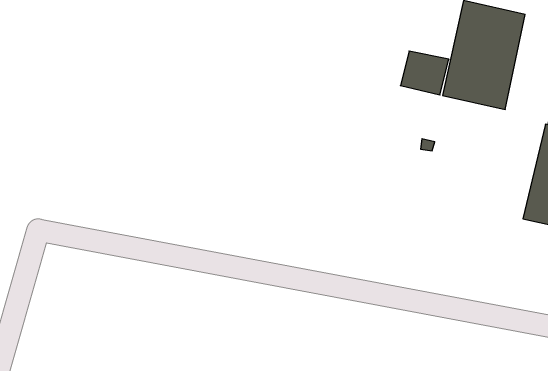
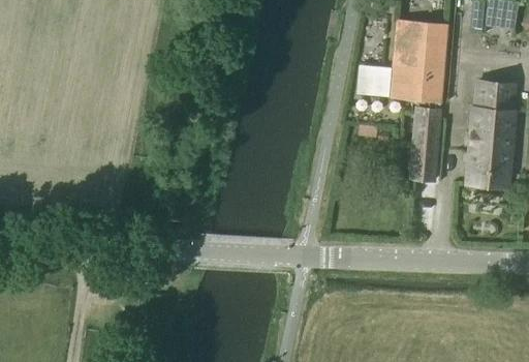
building: none -> [412,111,439,180]

